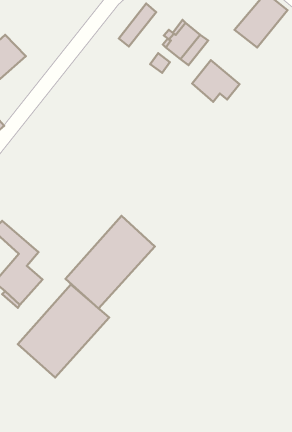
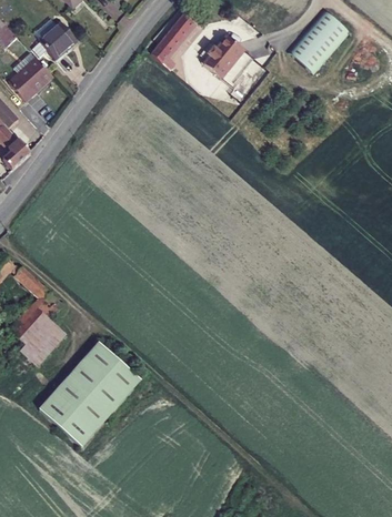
building: none -> [38,26,74,62]
building: [192,60,239,102] -> none
building: [65,216,155,309] -> none

